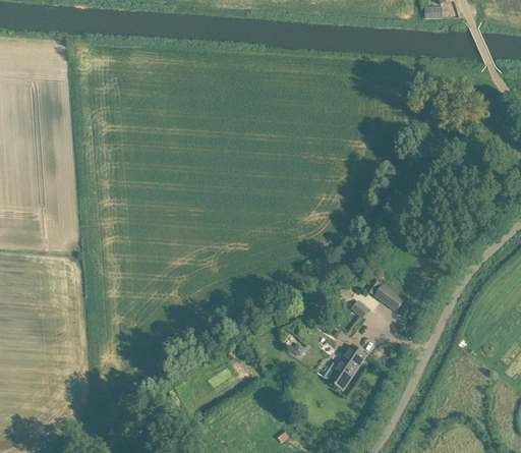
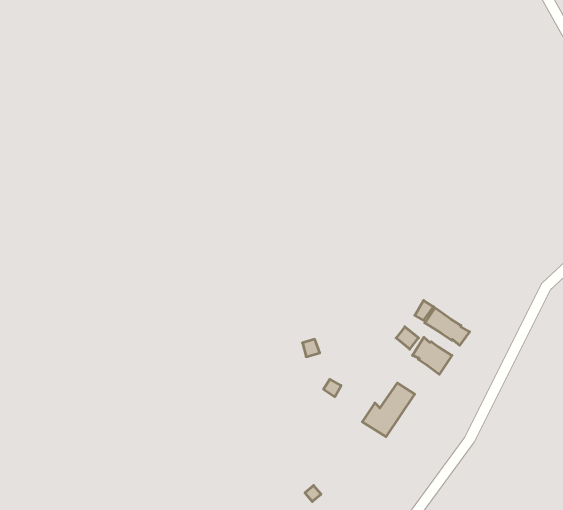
building: none -> [412,337,452,374]

